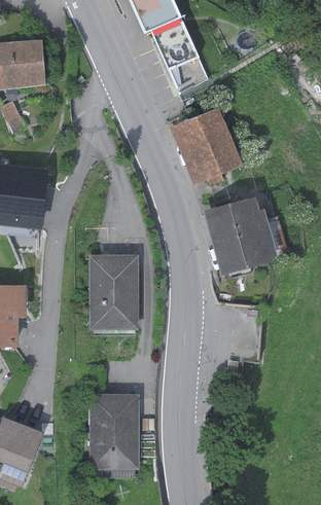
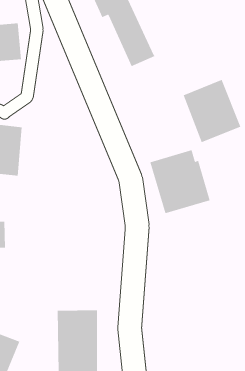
building: [170,108,242,186] -> [183,79,241,143]
building: [88,255,139,331] -> none

